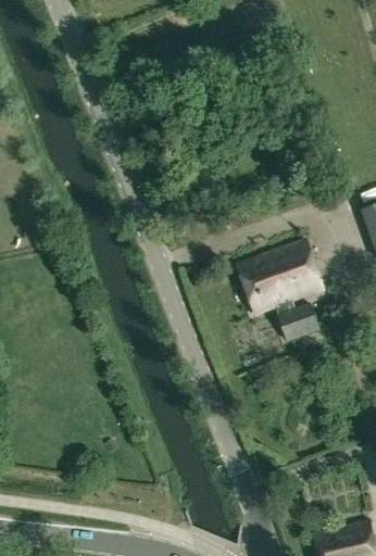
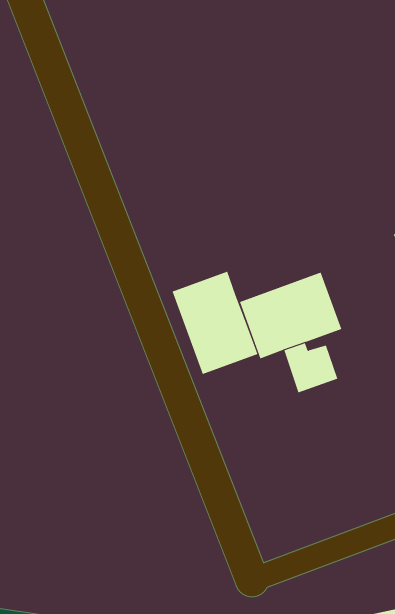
building: none -> [172,271,258,375]

